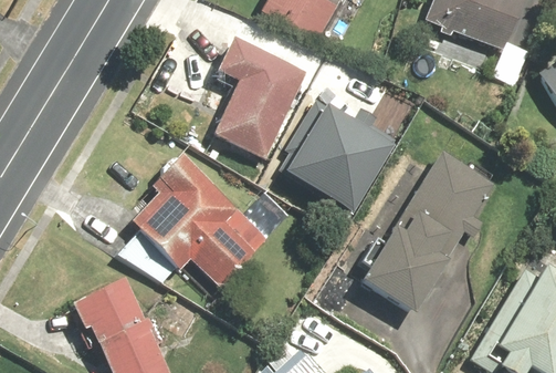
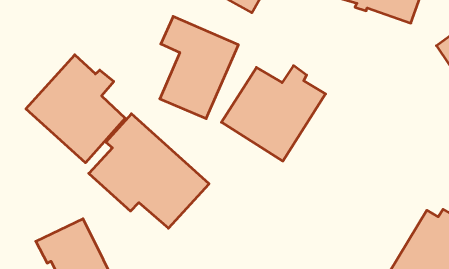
building: none -> [26,55,125,163]
building: [357,152,494,317] -> none

